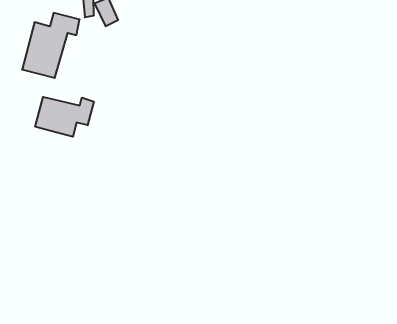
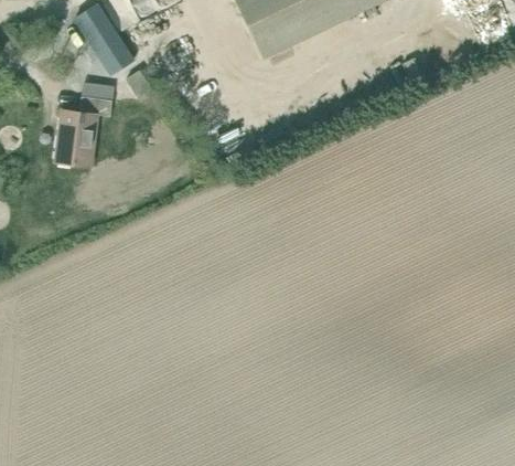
building: [35,97,94,137] -> none

